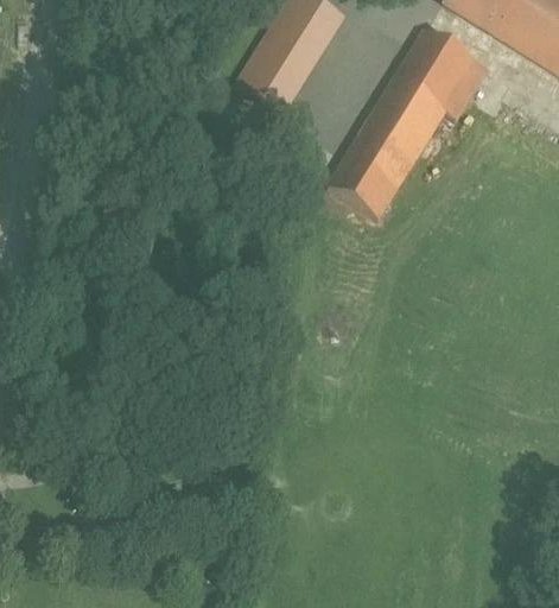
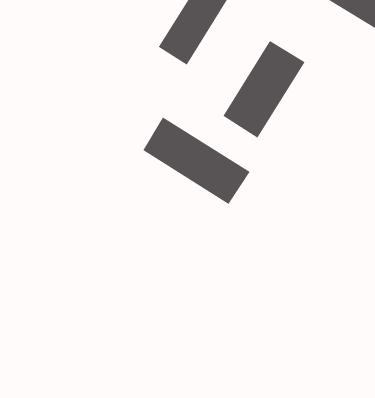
building: [392,30,484,118] -> none
building: none -> [142,117,250,205]

